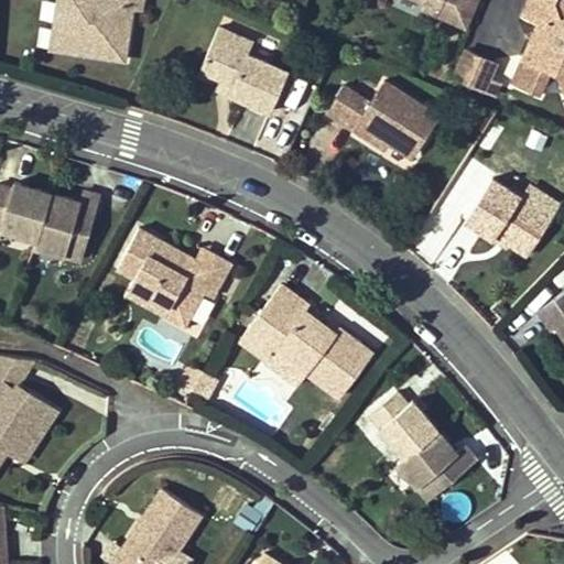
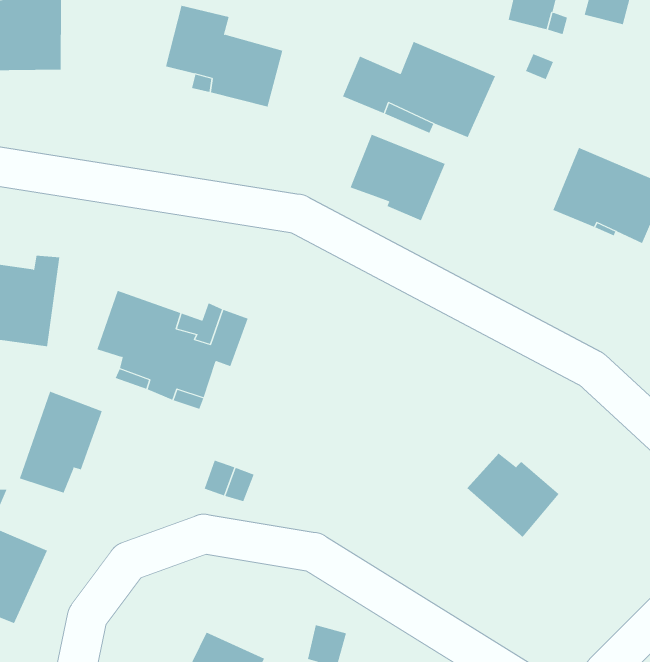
building: none -> [350,134,445,221]
building: [240,285,373,398] -> none
building: none -> [19,391,102,494]
building: [398,430,477,499] -> none

